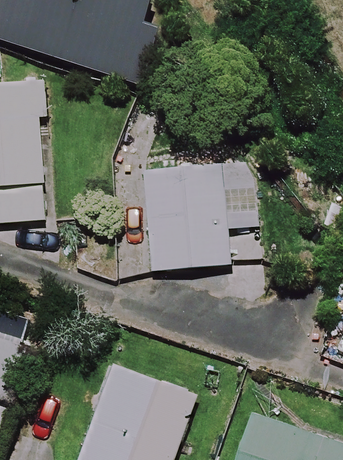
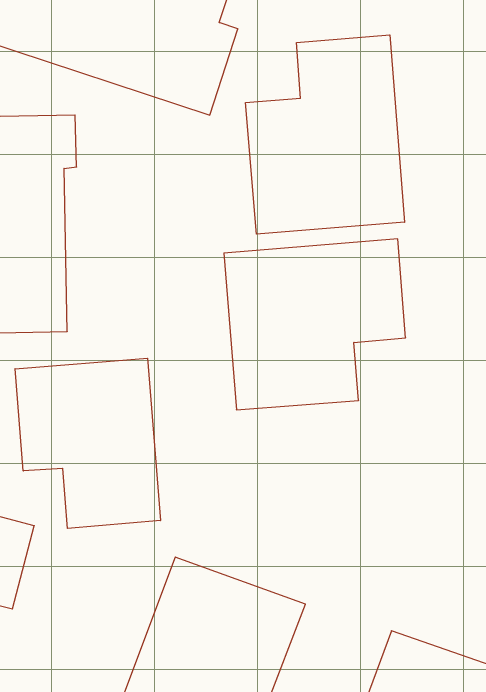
building: none -> [246,35,405,234]
building: none -> [15,358,160,528]

